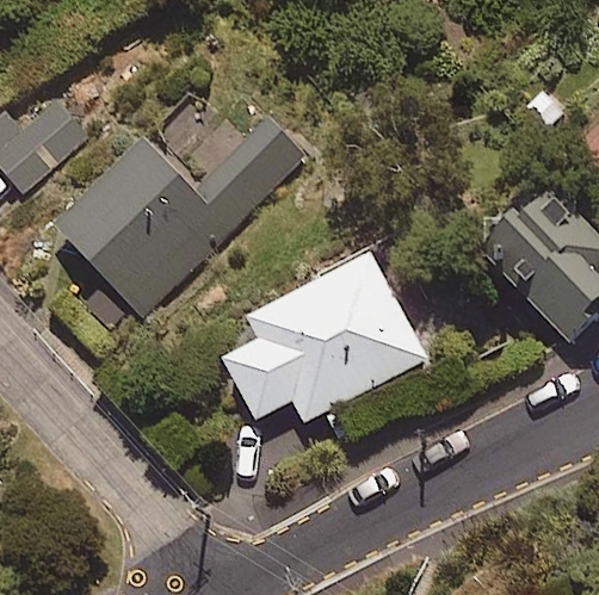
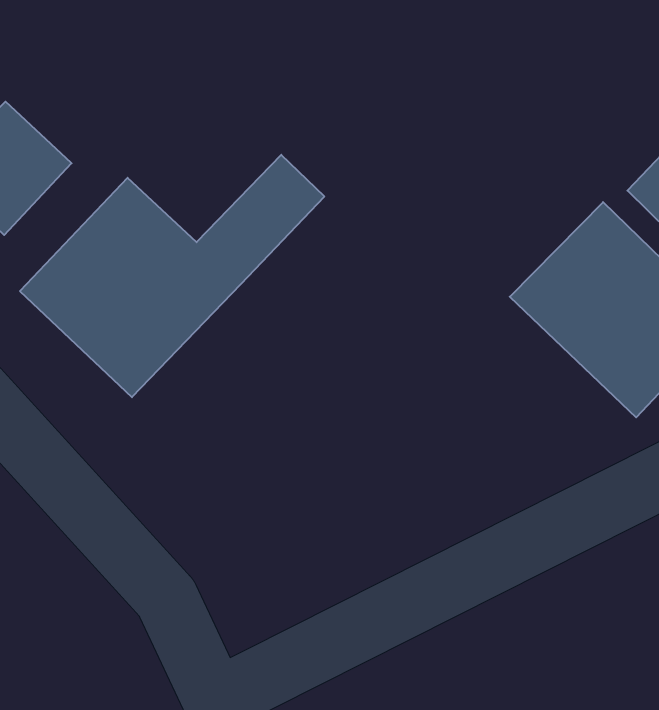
building: [227,255,426,424] -> none

